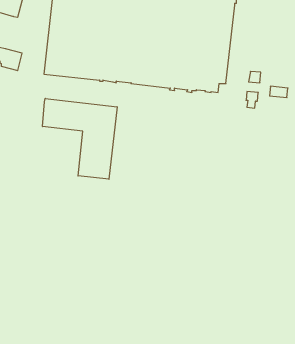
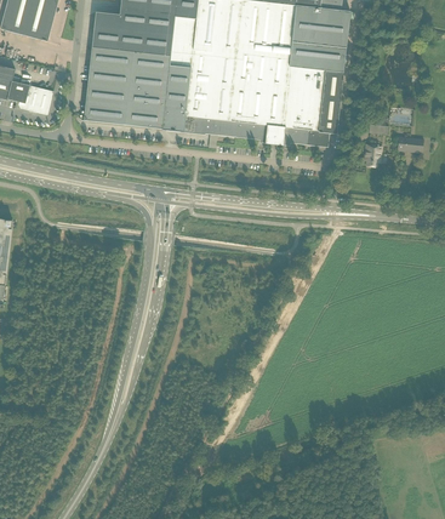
building: [43,98,117,179] -> none

